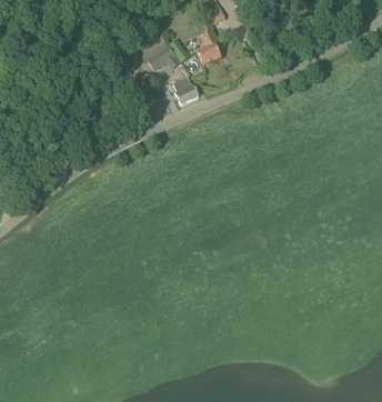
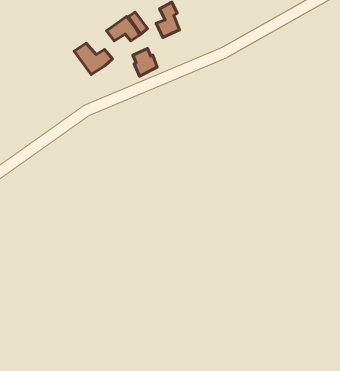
building: none -> [74,43,113,75]

